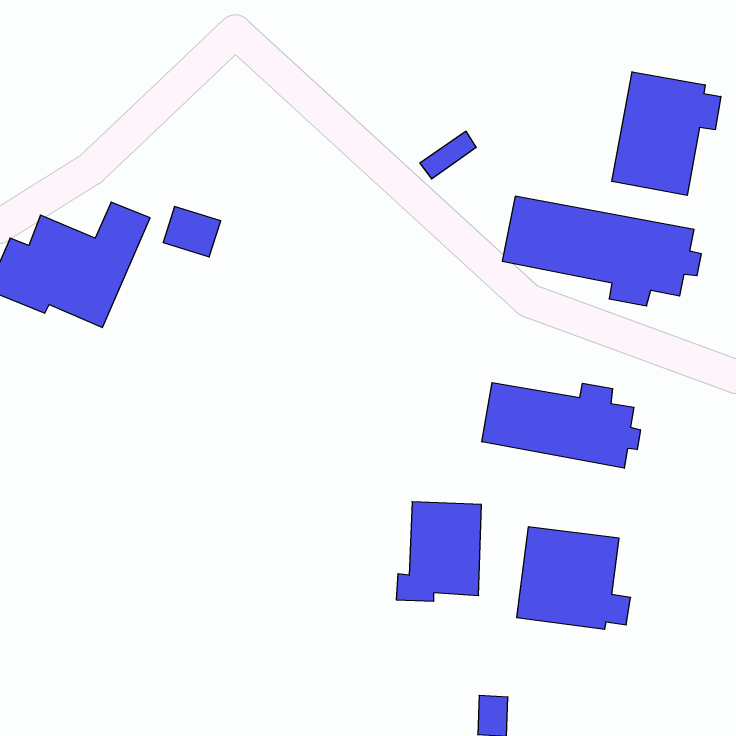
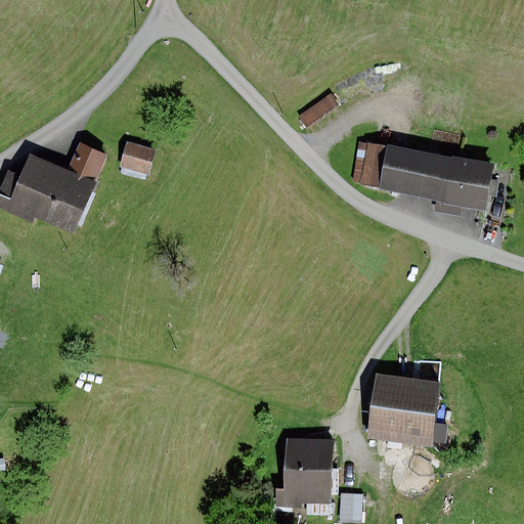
building: [612,72,721,195] -> none
building: [482,383,640,468] -> none
building: [396,502,481,601] -> [273,437,334,508]

